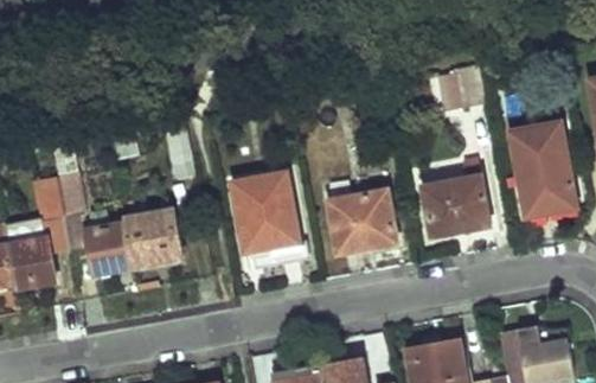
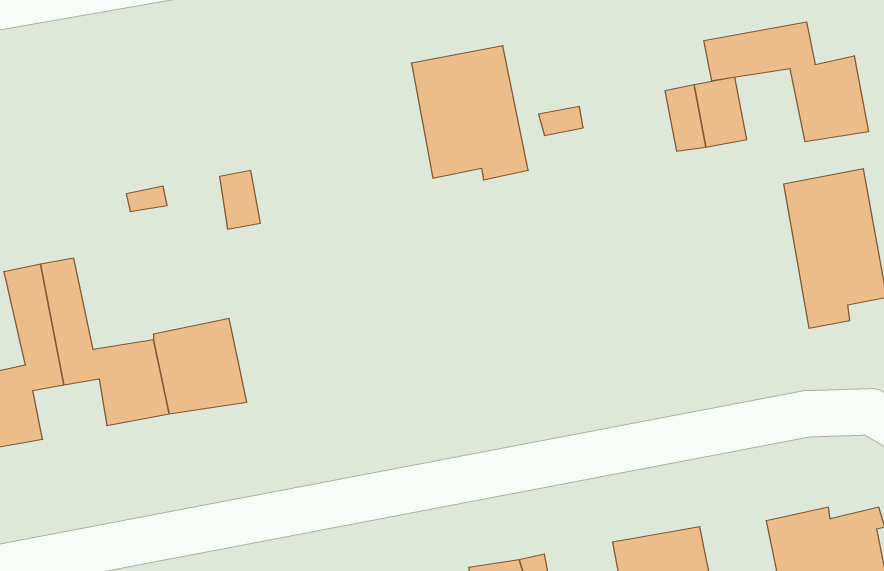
building: none -> [704,22,868,142]
building: [421,159,488,236] -> none
building: [232,170,303,251] -> [411,46,528,180]
building: [327,190,396,253] -> none

